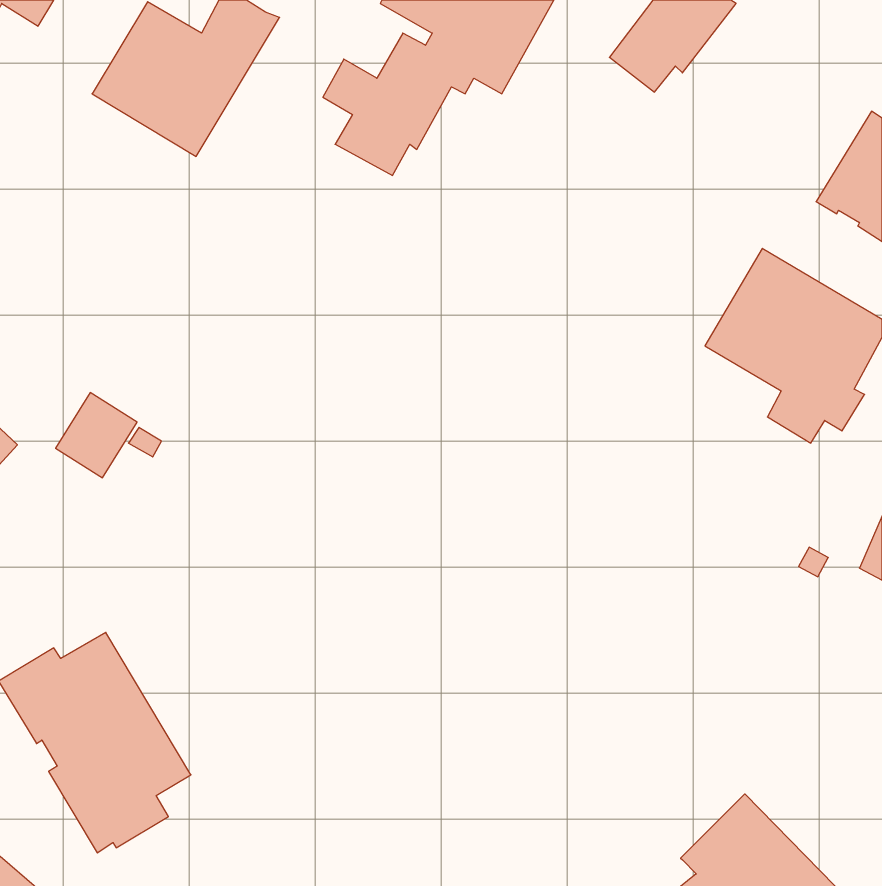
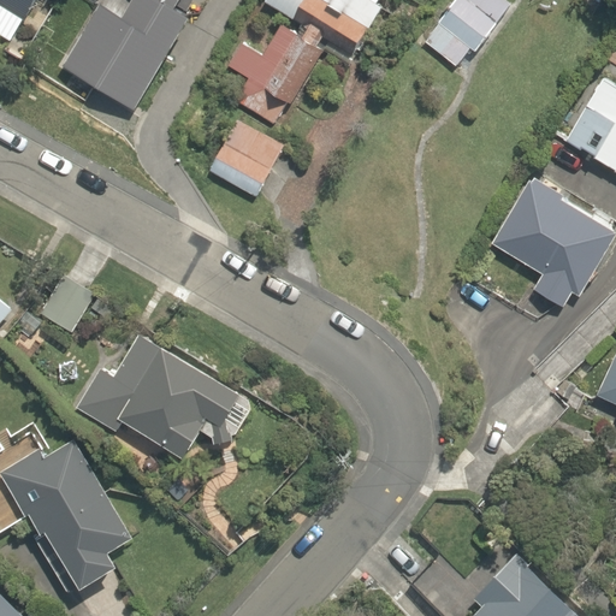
building: none -> [206,118,282,195]
building: none -> [76,333,249,458]

